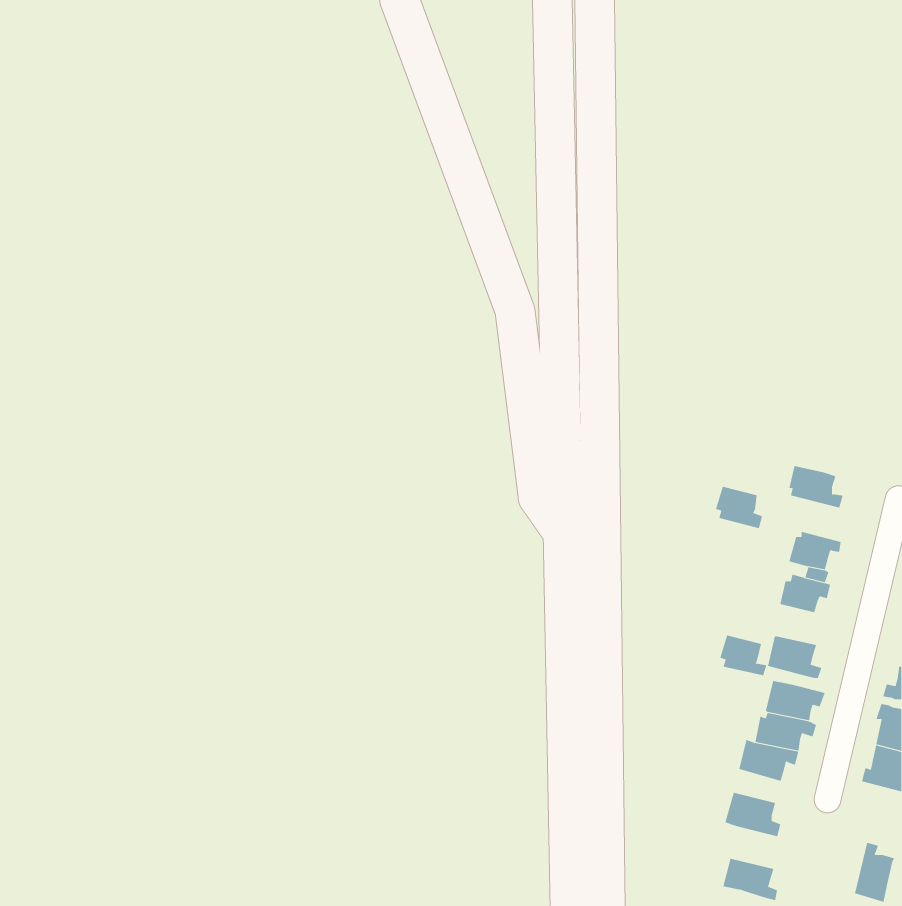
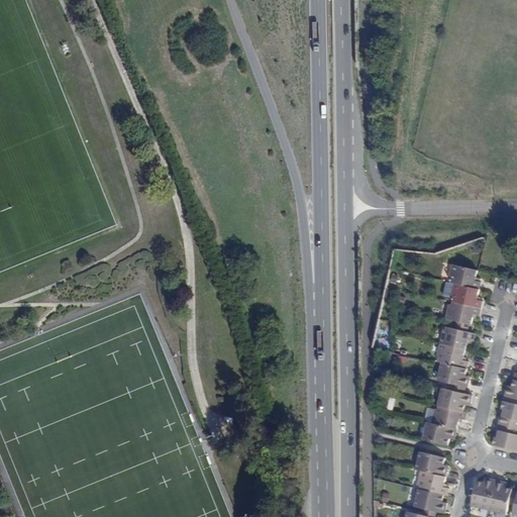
building: [715,486,763,529] -> [453,285,481,309]
building: [719,635,767,676] -> [439,344,467,368]
building: none -> [414,471,445,495]
building: none -> [468,478,493,509]

